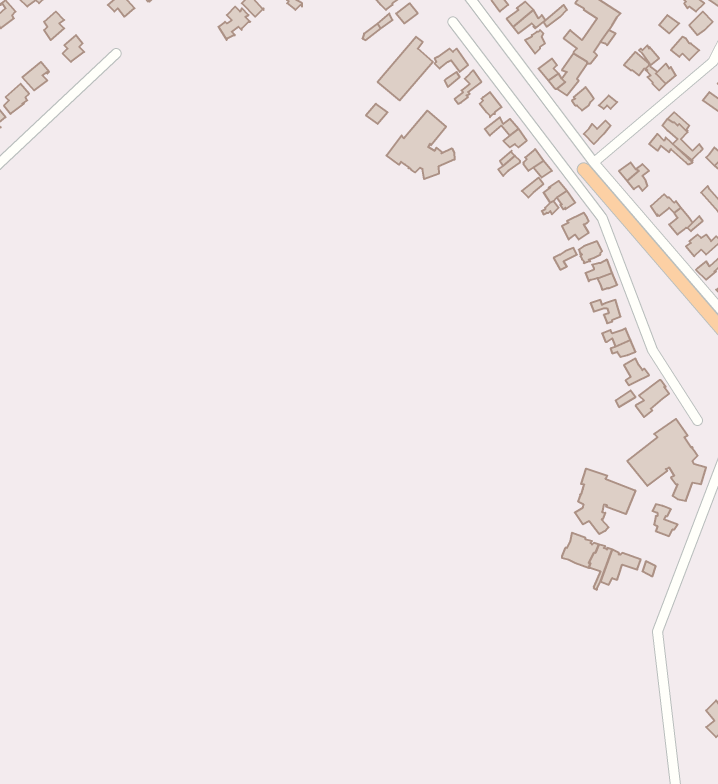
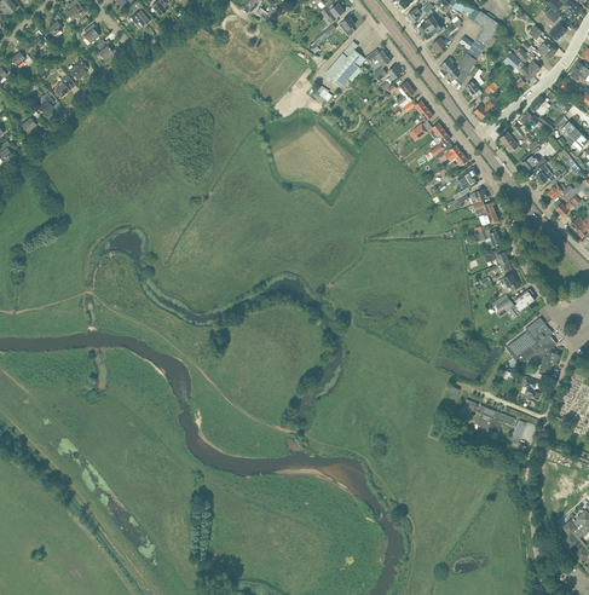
building: [386,111,455,179] -> none
building: [575,469,635,534] -> none

